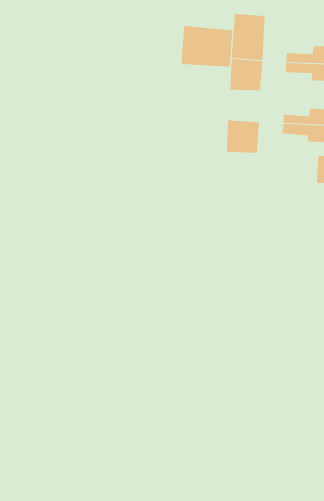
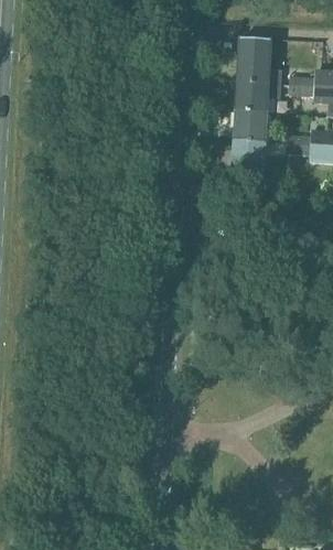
building: [181,25,233,68] -> none
building: none -> [235,111,267,142]

